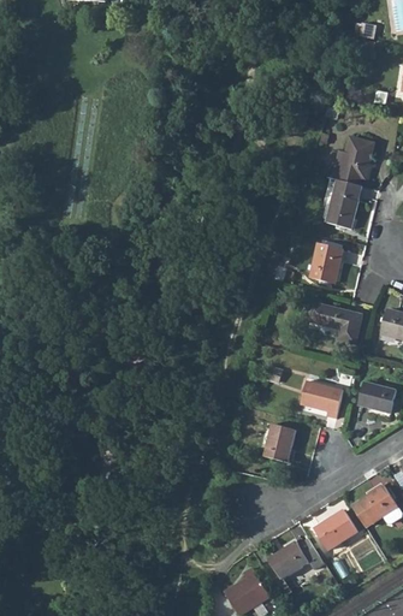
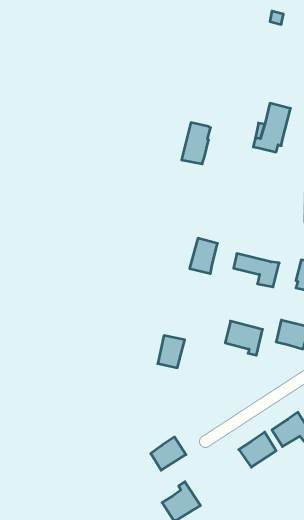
building: [326,180,360,229] -> [182,123,211,164]
building: [309,243,342,284] -> [190,238,218,274]
building: [263,426,295,463] -> [158,336,185,368]
building: [267,540,308,579] -> [151,437,186,470]

